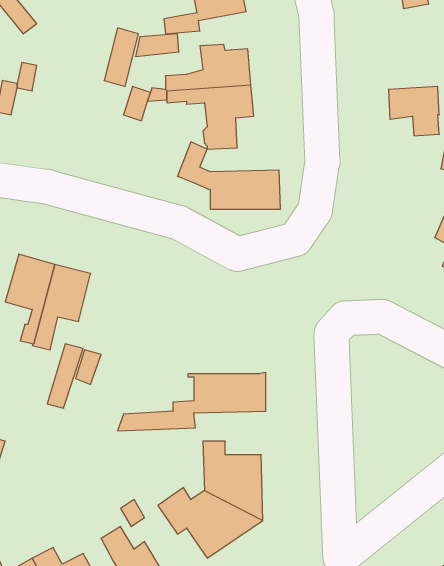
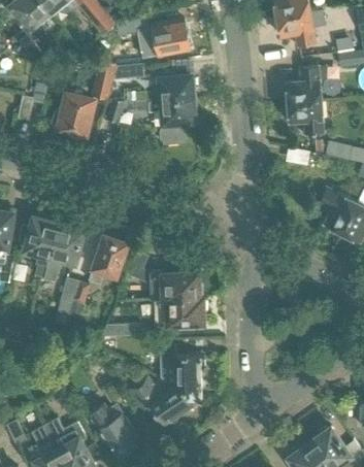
building: none -> [287,66,323,102]
building: none -> [60,95,95,133]
building: [177,142,281,209] -> [128,252,199,298]
building: none -> [89,235,128,285]

